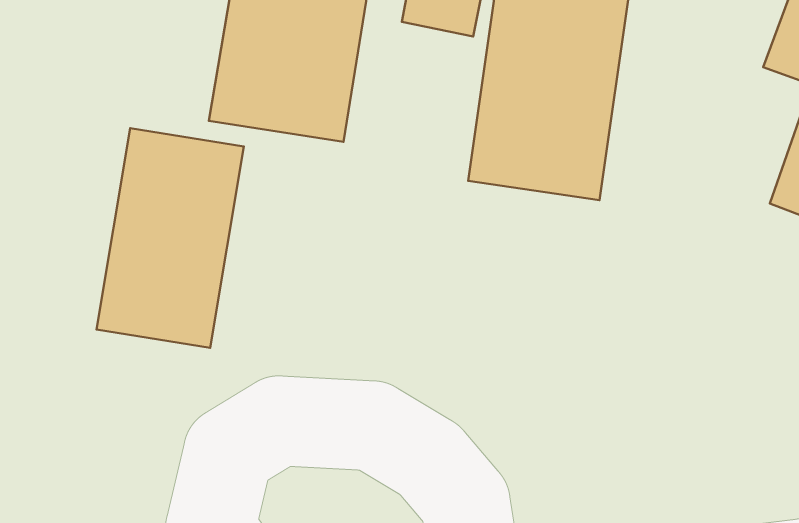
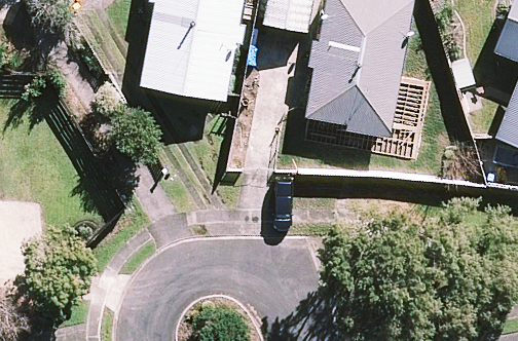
building: [97,128,244,348] -> none

